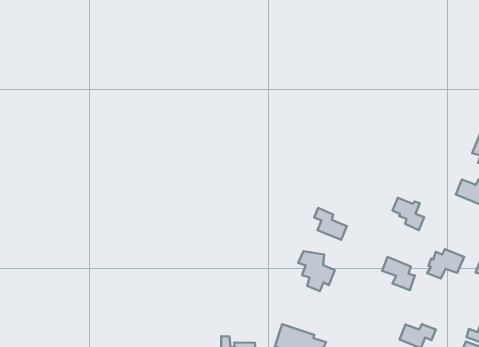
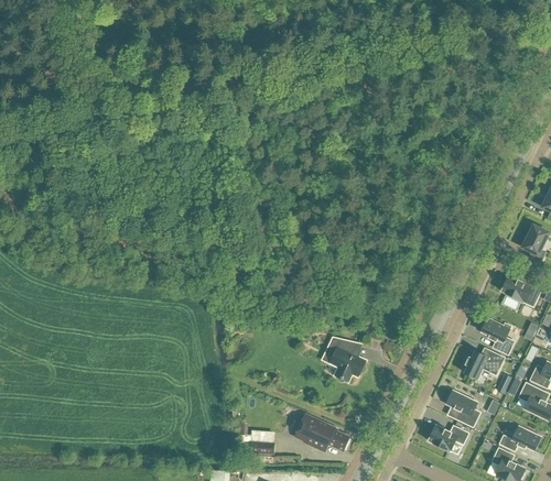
building: [393,198,424,230] -> [482,318,515,354]
building: [314,208,347,240] -> none
building: [382,257,415,290] -> [446,390,480,427]

